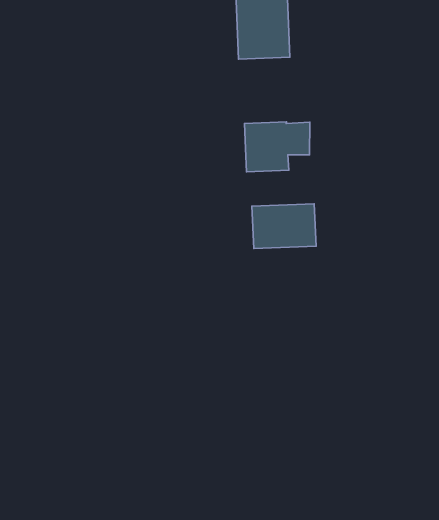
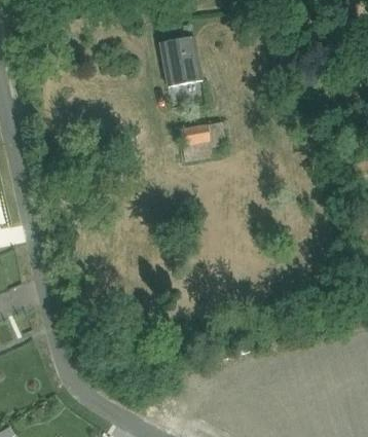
building: [252,204,316,249] -> none

